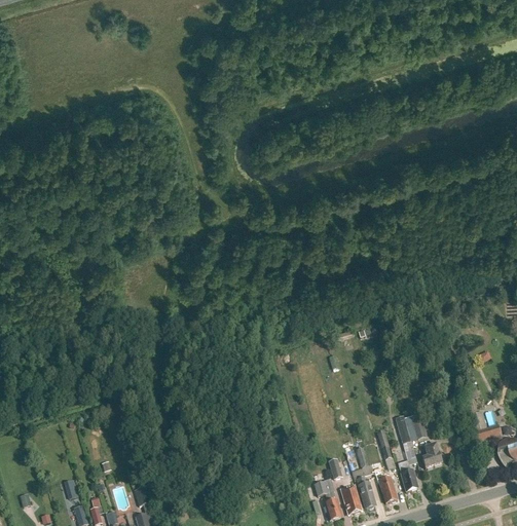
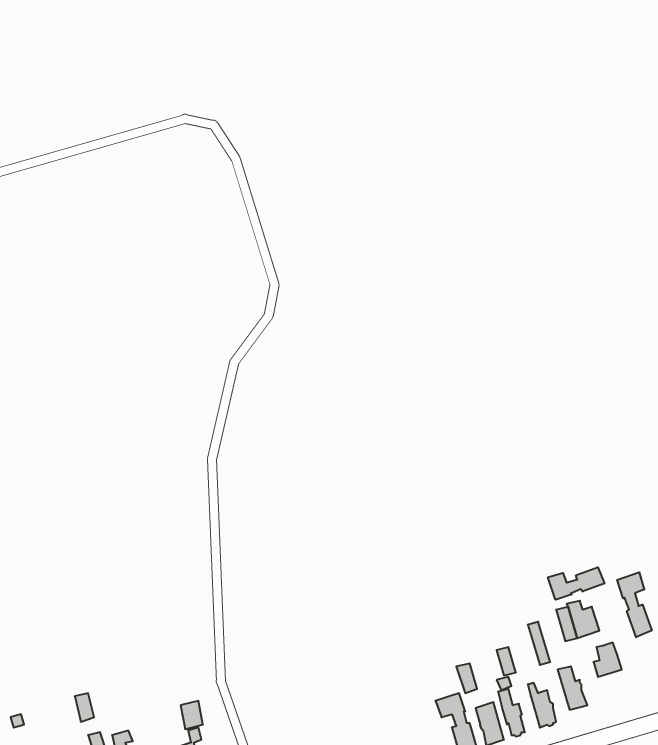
building: none -> [548,567,604,600]
building: none -> [617,572,652,637]

